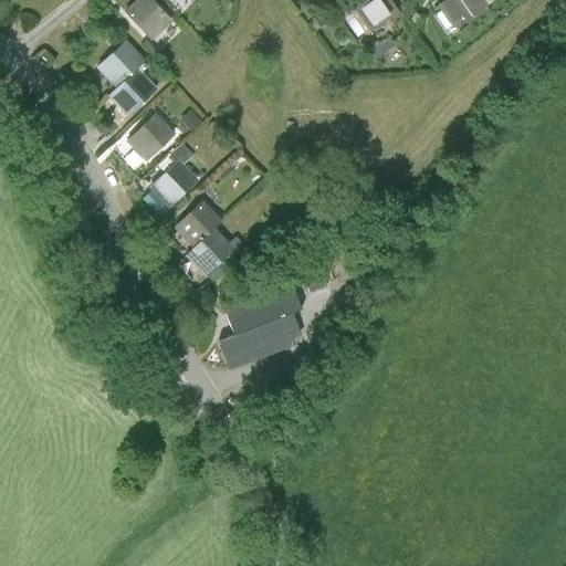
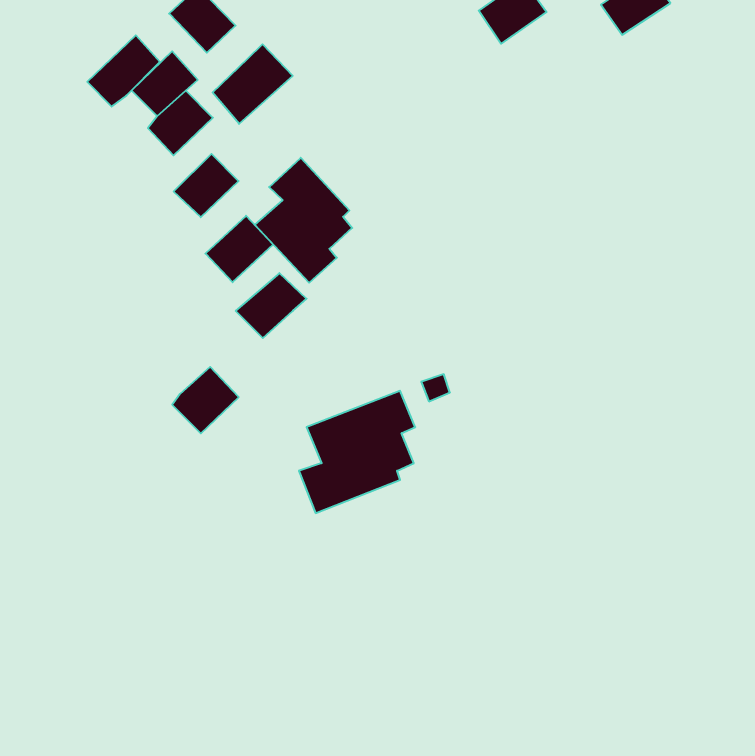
building: none -> [87,35,160,107]
building: none -> [213,44,293,124]
building: none -> [255,158,352,283]
building: [187,228,235,276] -> [172,367,239,433]

